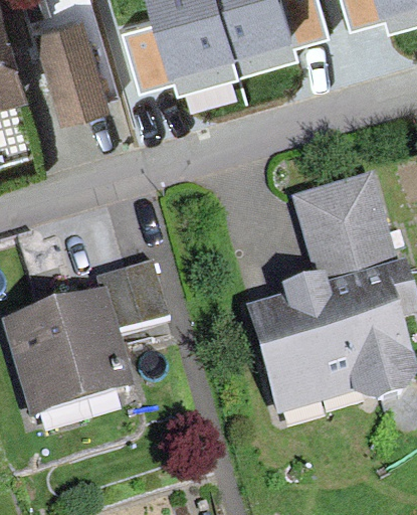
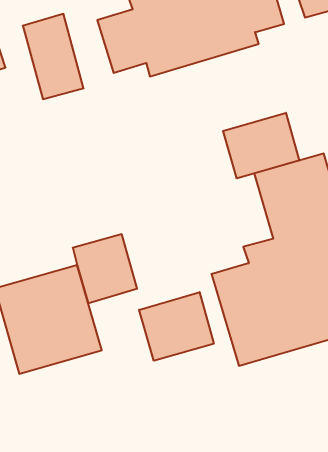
building: none -> [223,113,299,178]
building: none -> [139,292,214,361]

